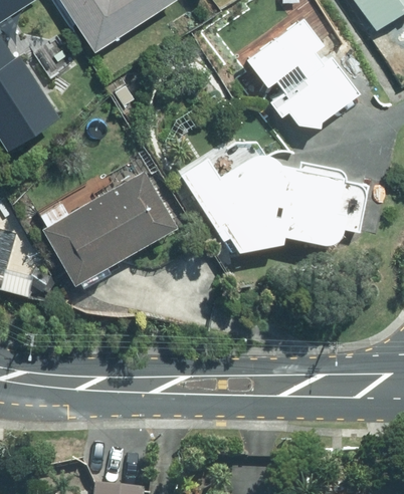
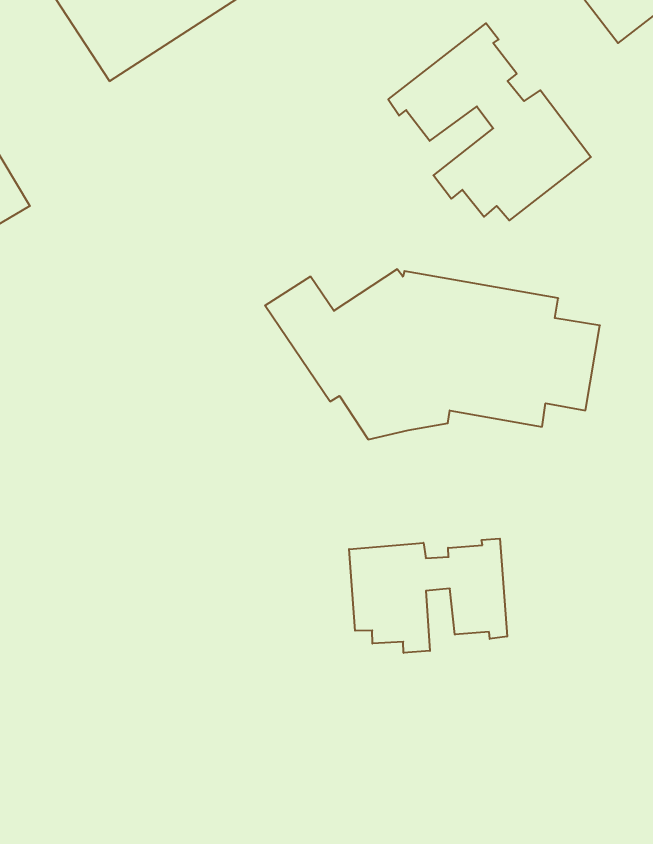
building: [39,169,176,286] -> none
building: none -> [349,539,507,653]

